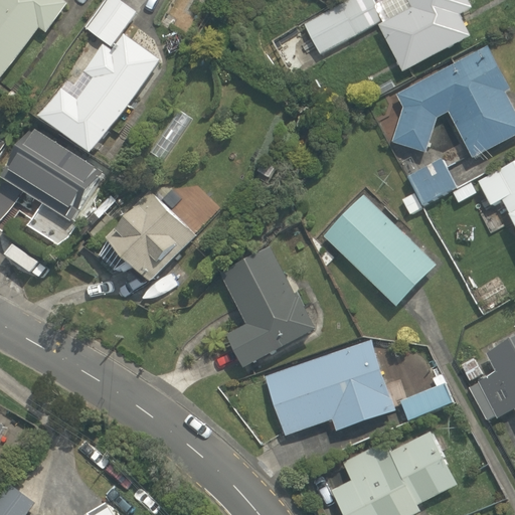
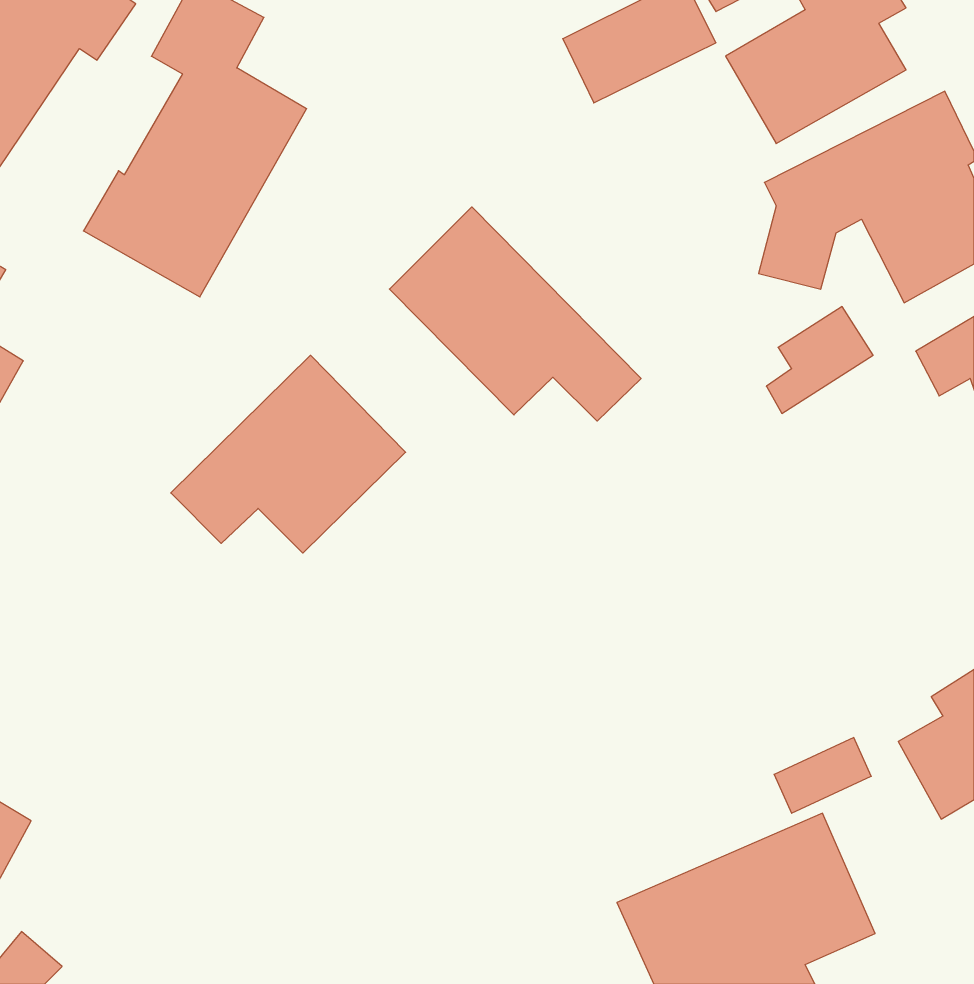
building: none -> [389,207,641,421]
building: [16,134,103,218] -> none
building: [321,194,438,310] -> none
building: [220,245,325,370] -> none
building: [262,339,392,438] -> none

